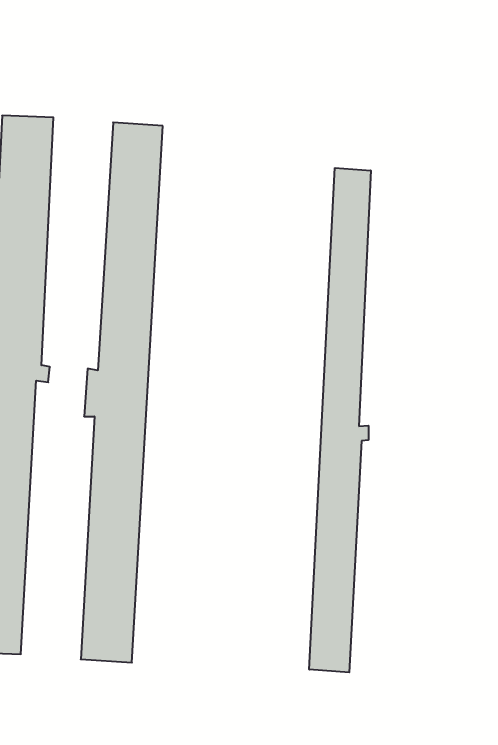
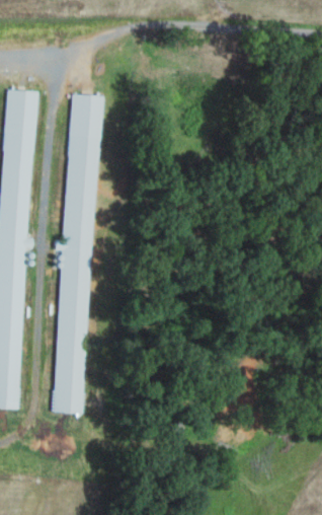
building: [309,168,371,672] -> none

